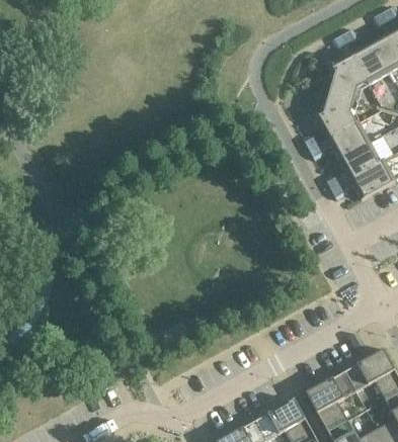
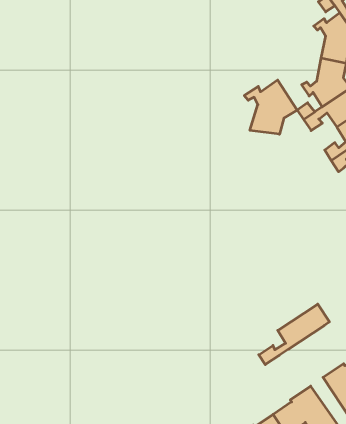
building: none -> [244,80,297,134]
building: none -> [259,304,329,365]

